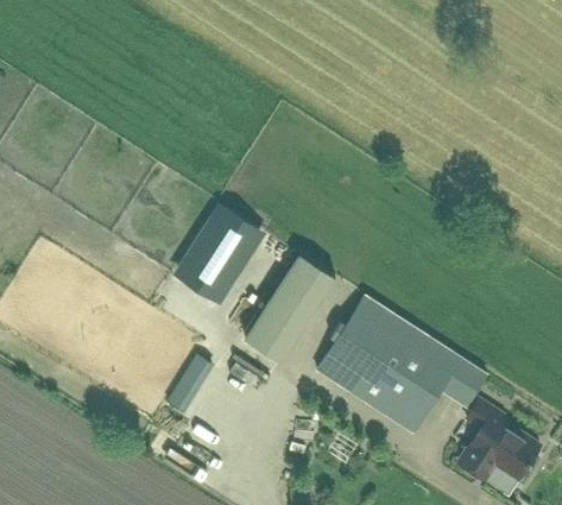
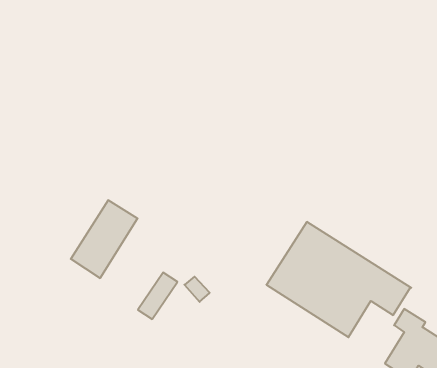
building: [175,204,253,296] -> [71,200,138,278]
building: [246,254,336,362] -> none

